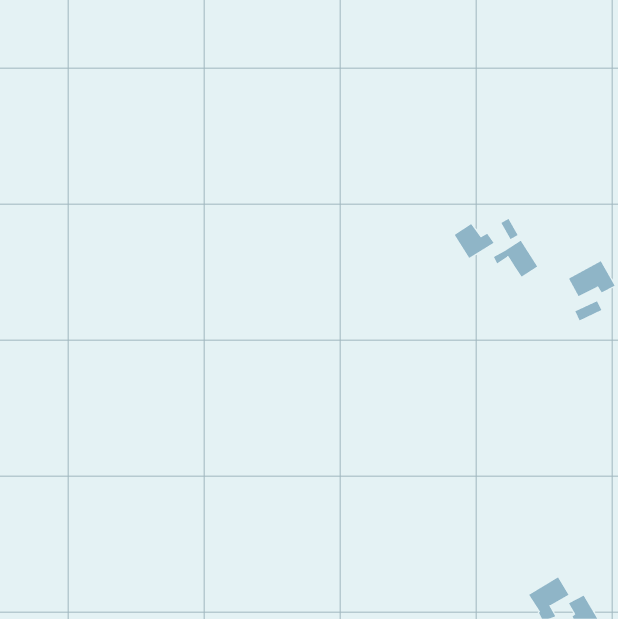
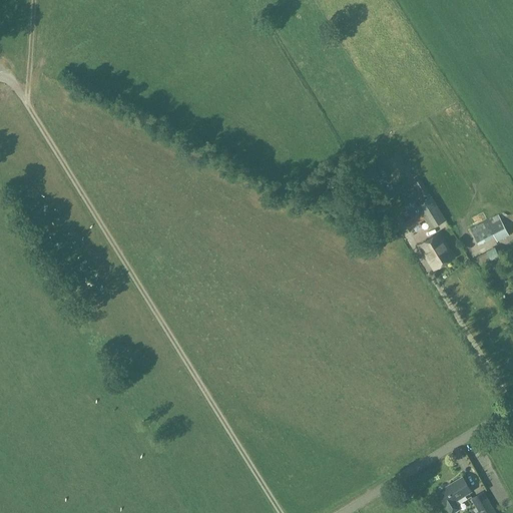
building: [454,223,494,259] -> none
building: none -> [419,233,453,270]

